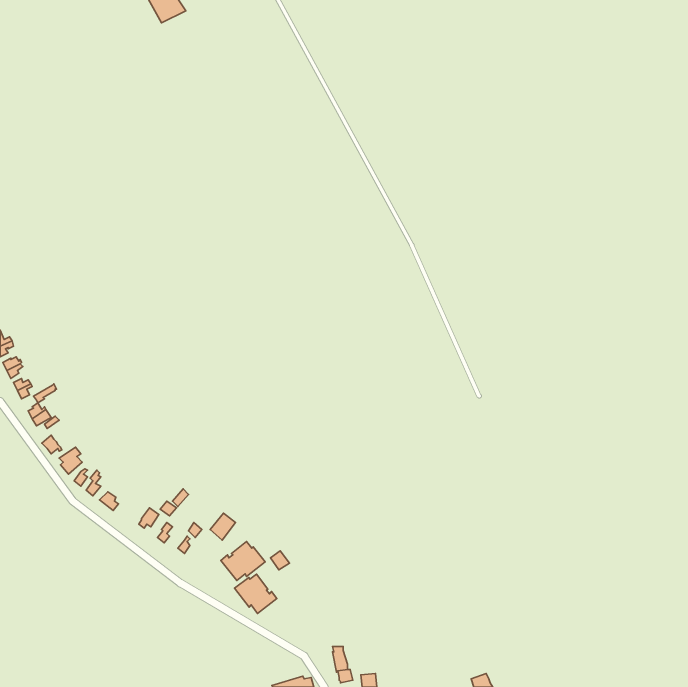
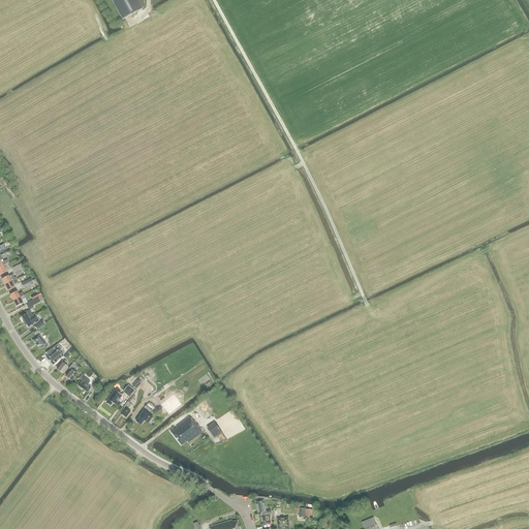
building: [235,574,277,613] -> none

